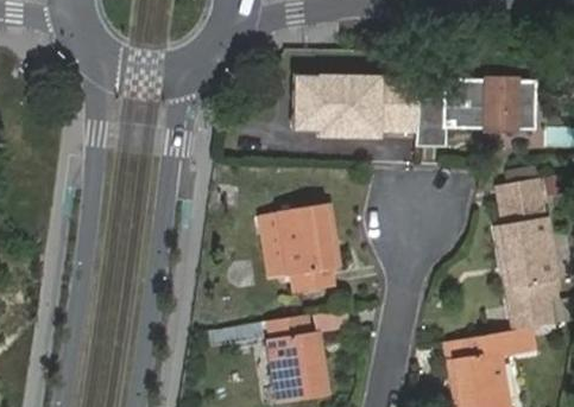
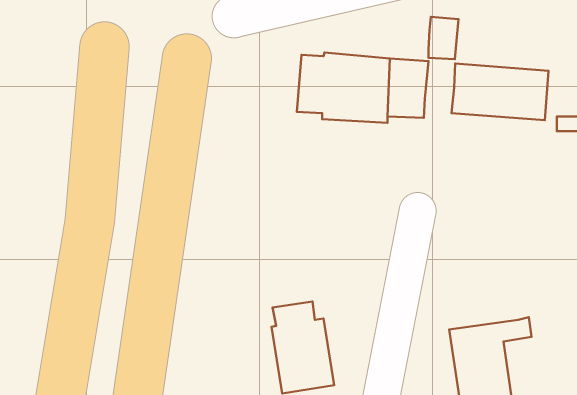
building: [418,101,448,142] -> [428,17,459,59]
building: [497,178,559,331] -> none
building: [260,206,338,290] -> none

